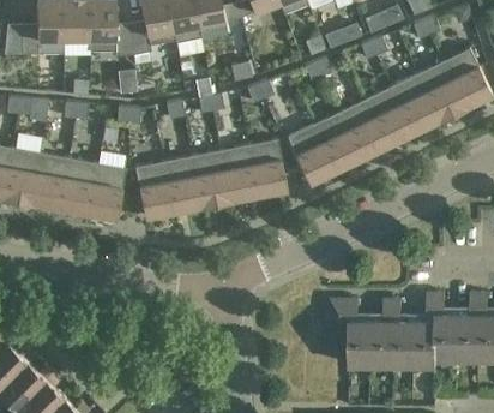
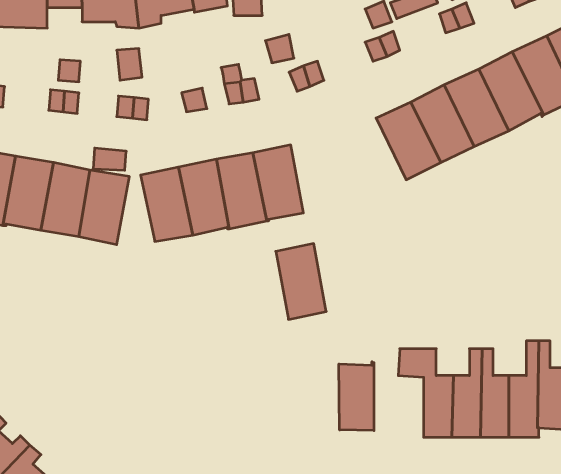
building: [285,124,335,184] -> none
building: [247,138,285,196] -> [276,244,326,319]
building: none -> [339,362,374,431]

